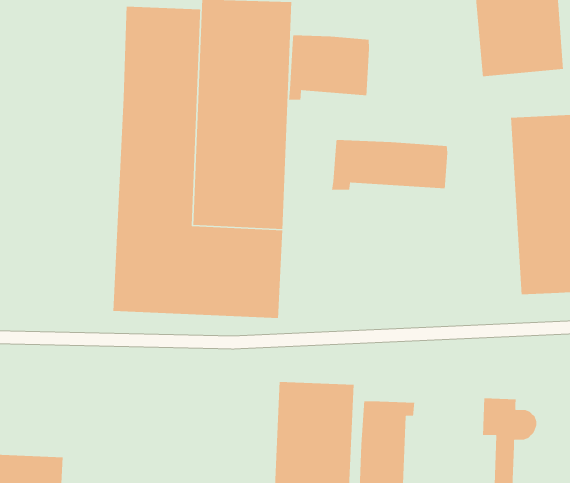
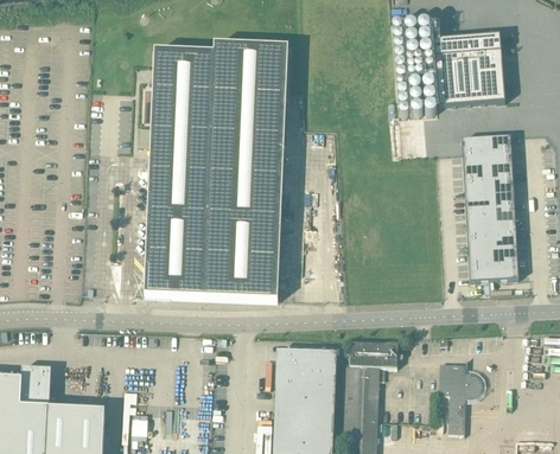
building: [288,34,370,100] -> none
building: [331,139,448,190] -> none
building: none -> [350,341,403,367]

